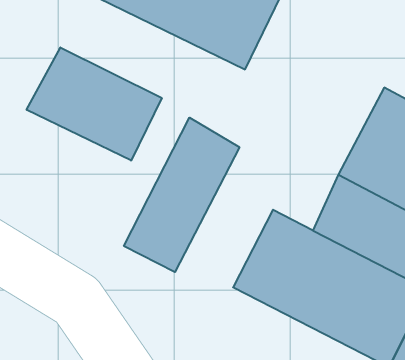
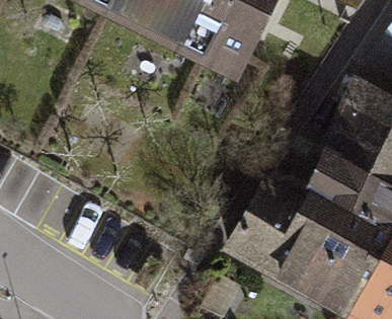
building: [27,47,162,161] -> none
building: [124,118,239,272] -> none

